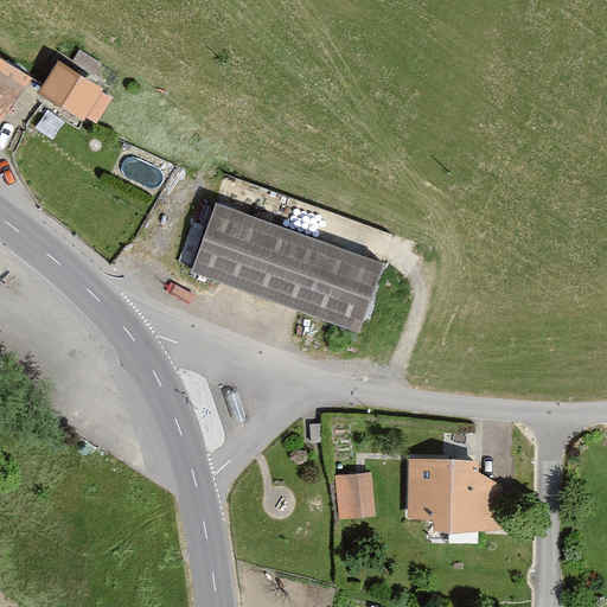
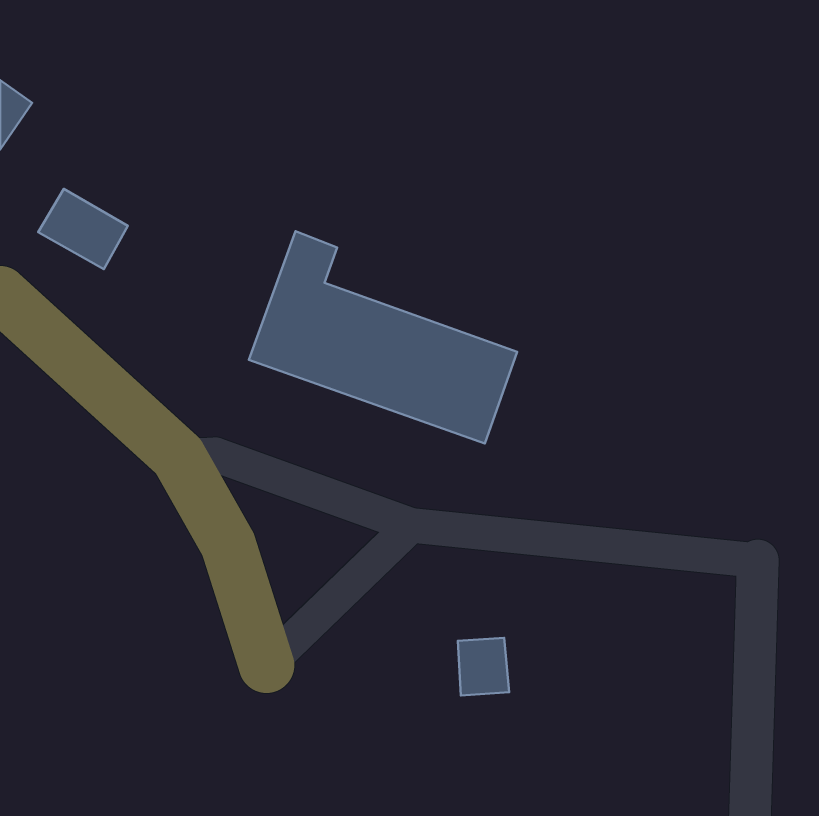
building: [33,62,100,121] -> [38,189,128,269]
building: [403,456,507,532] -> none

